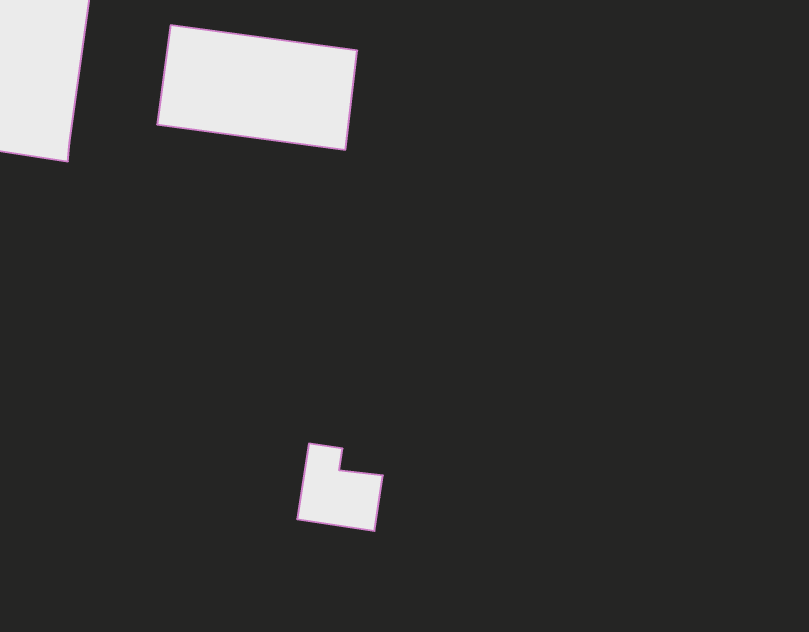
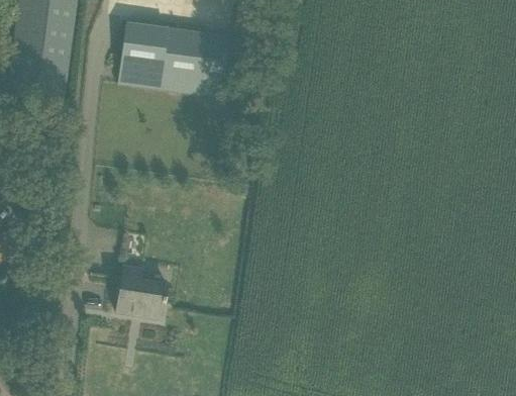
building: [297,444,383,531] -> [114,264,166,316]

